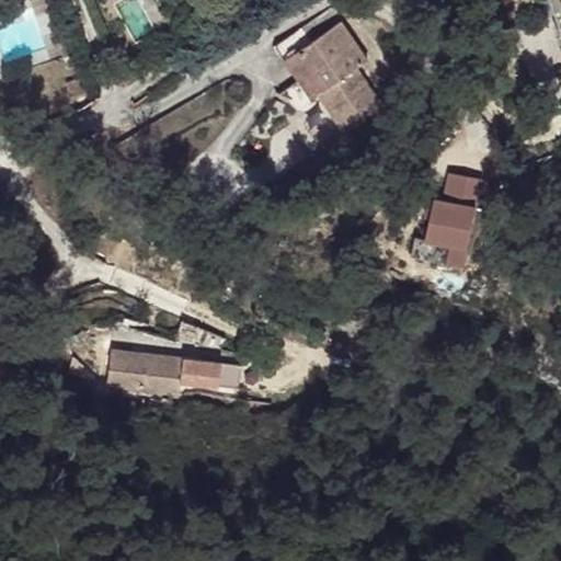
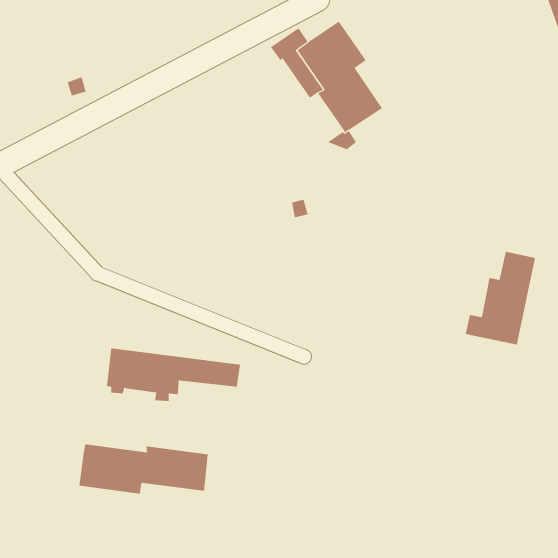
building: [411,172,482,266] -> [465,251,536,345]
building: none -> [79,443,209,494]

